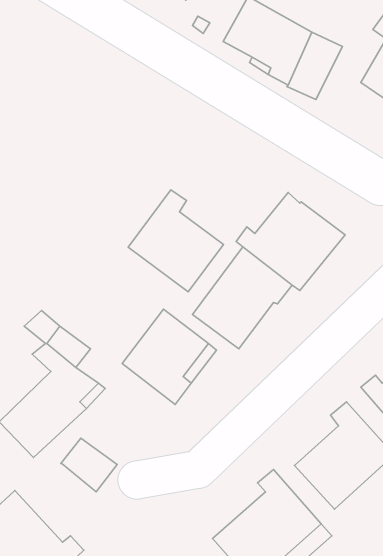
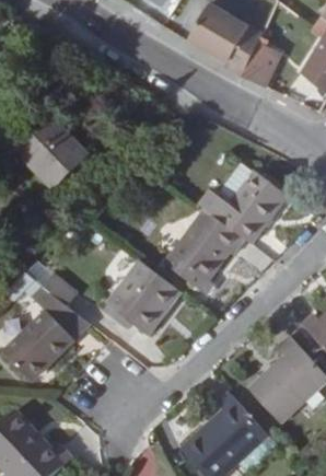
building: none -> [14,115,90,190]
building: [128,190,223,292] -> none
building: [61,438,117,492] -> none

